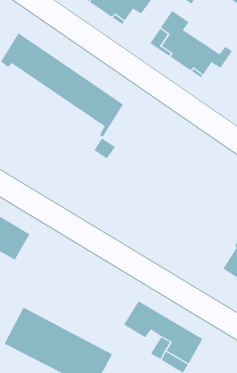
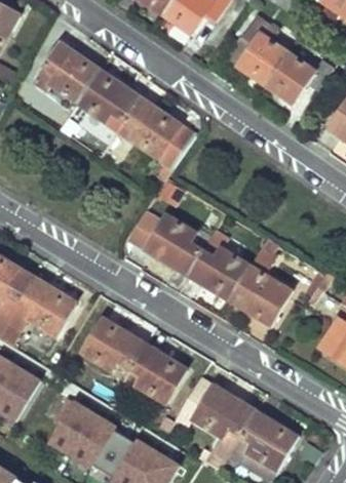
building: none -> [129,211,291,323]
building: none -> [82,320,184,402]

